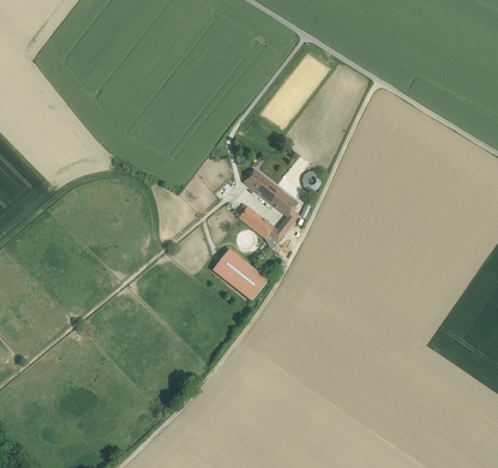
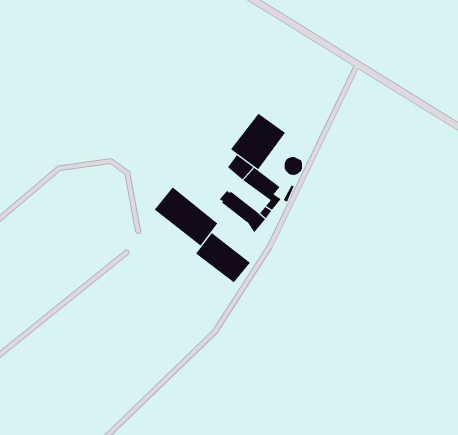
building: none -> [230,113,286,170]
building: none -> [154,186,218,247]

